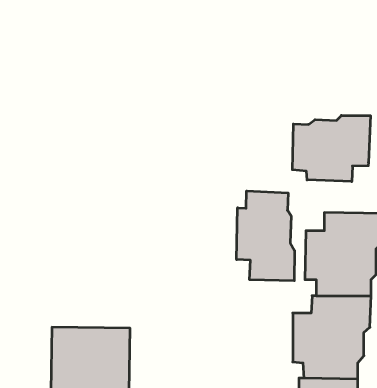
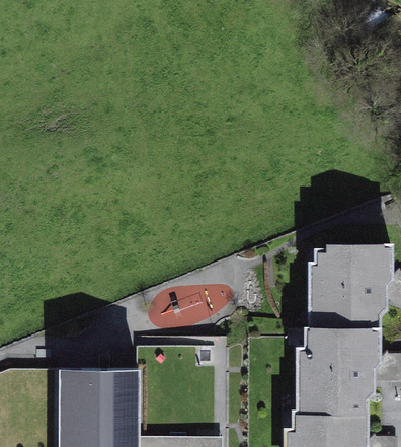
building: [292,115,370,182] -> none
building: [237,191,295,281] -> none

